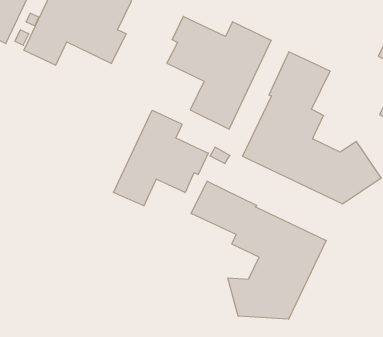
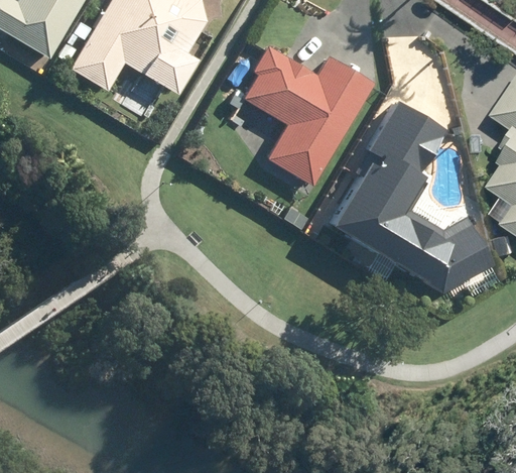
building: [113,110,208,206] -> none
building: [191,181,326,319] -> none

